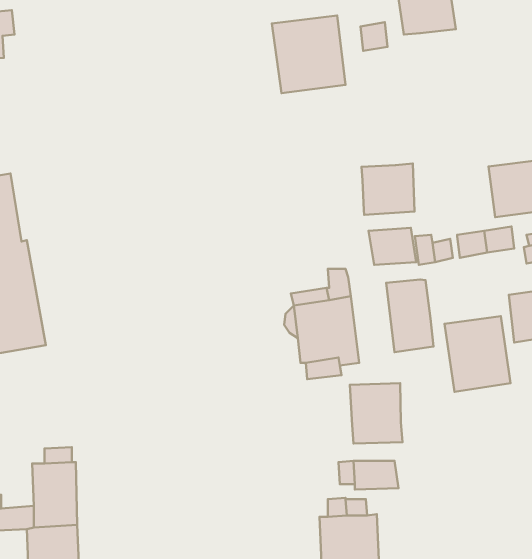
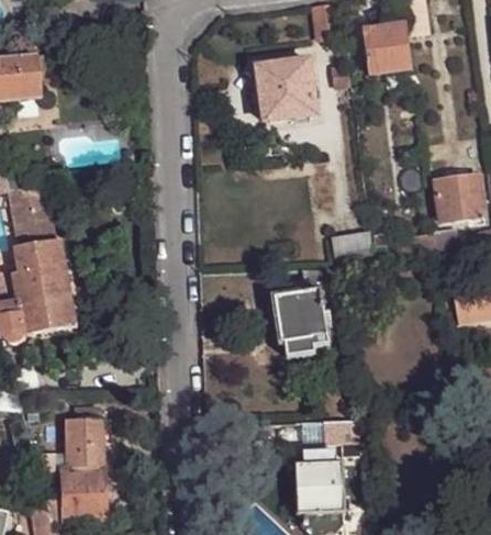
building: [362,164,414,215] -> none
building: [386,280,434,352] -> none
building: [445,316,511,392] -> none
building: [350,383,403,444] -> none

